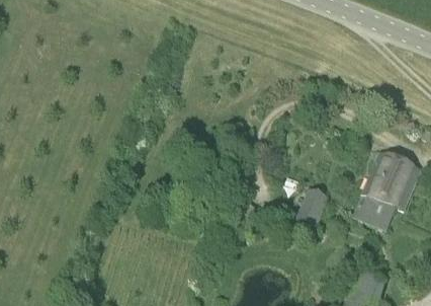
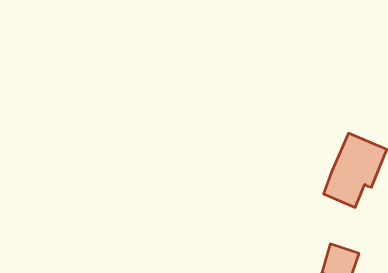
building: [294,187,329,228] -> none

